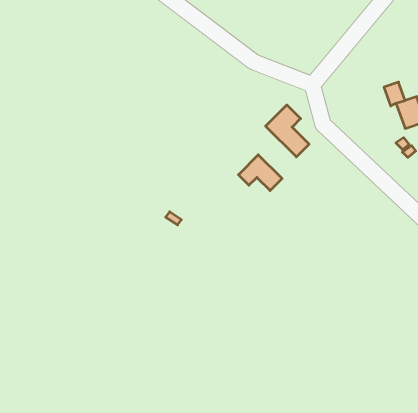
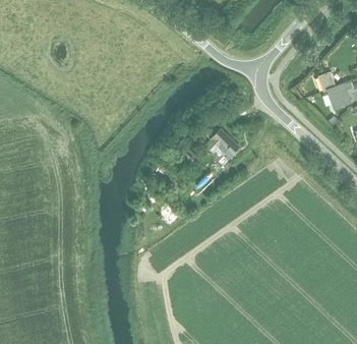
building: [266,105,309,157] -> none

